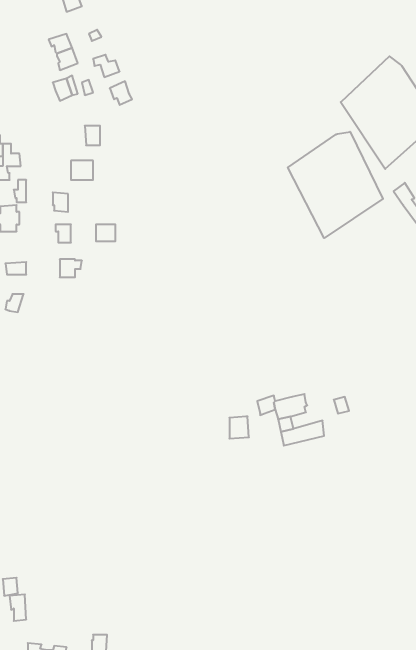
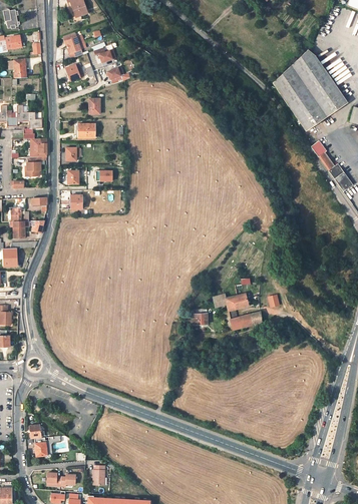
building: [288,132,383,238] -> none

